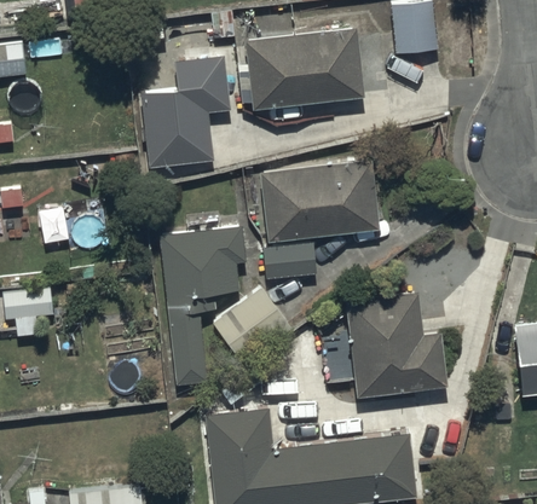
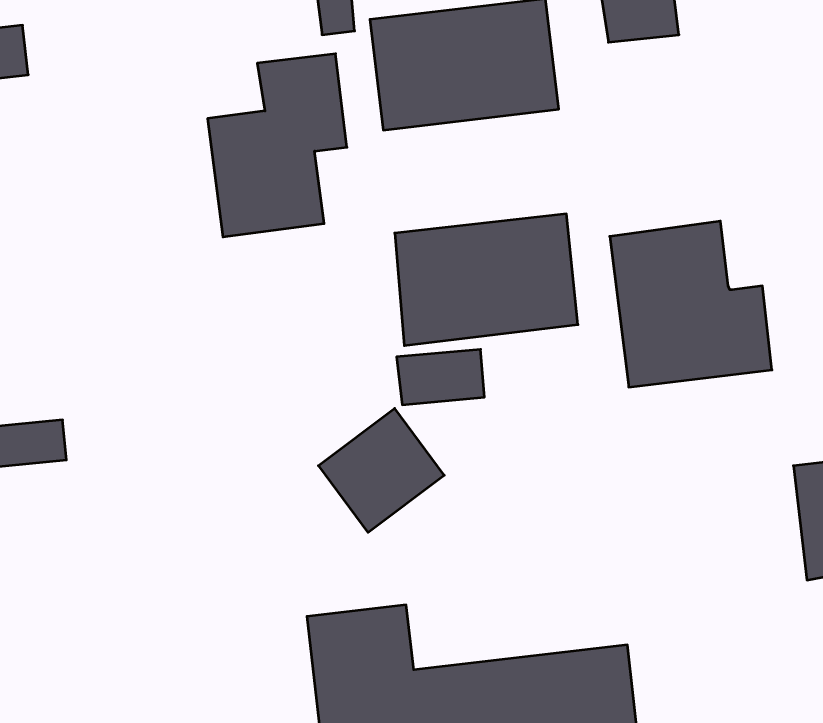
building: [158,225,247,384] -> none
building: [346,294,449,399] -> [610,221,772,387]

